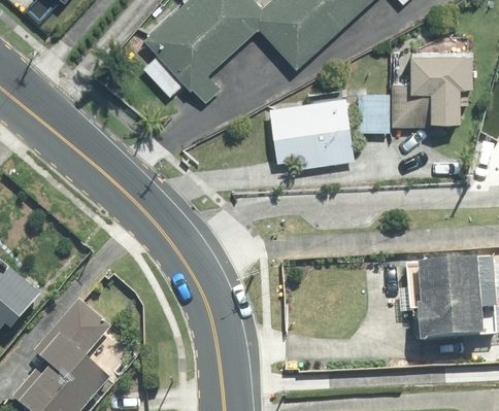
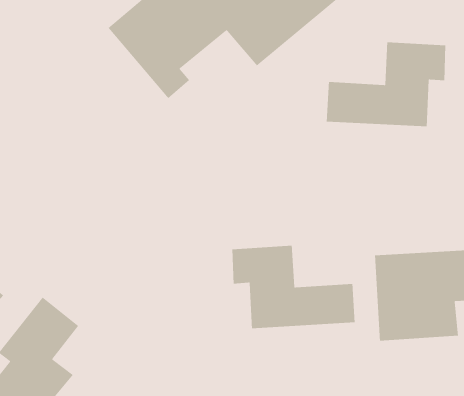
building: [268,102,356,173] -> none
building: none -> [231,245,355,329]

